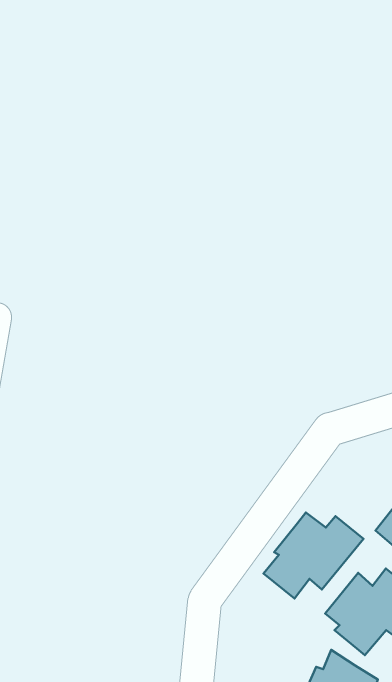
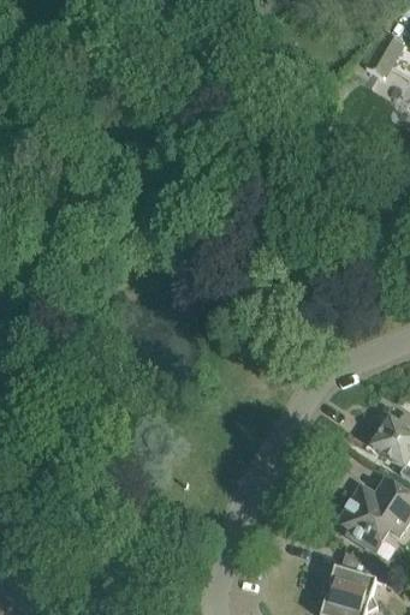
building: [264,513,363,599] -> none

